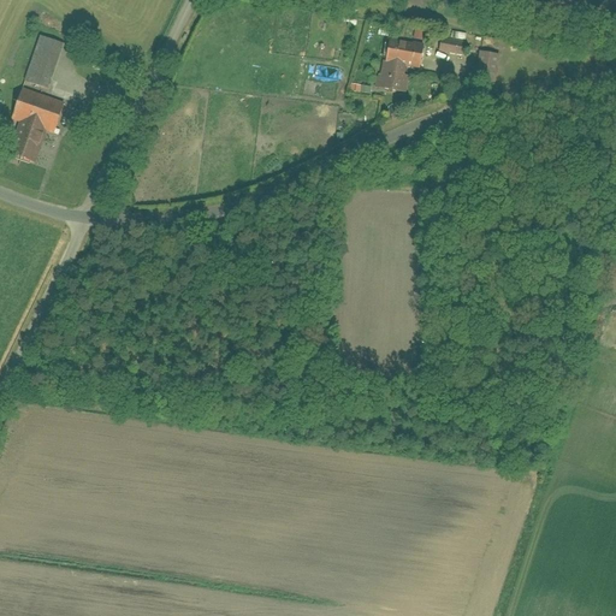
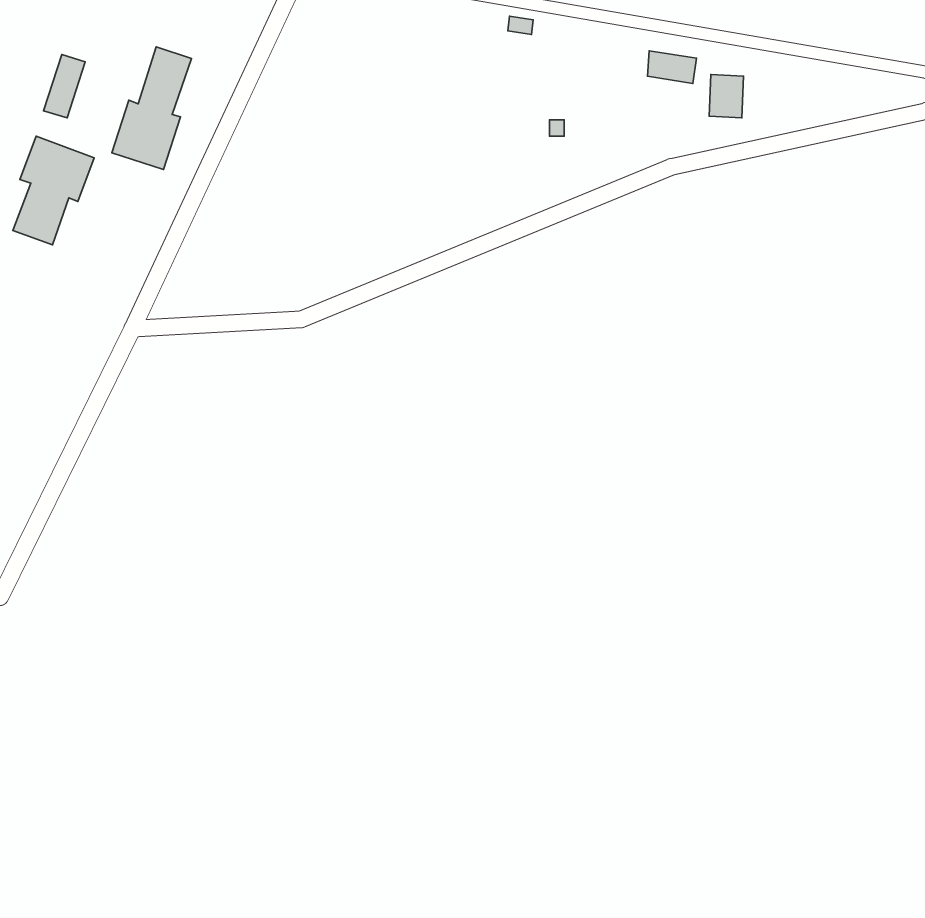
building: none -> [112,47,191,169]
building: [383,42,421,82] -> none

